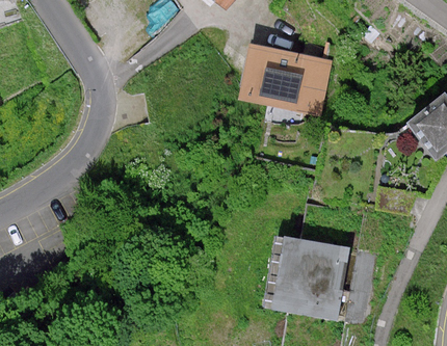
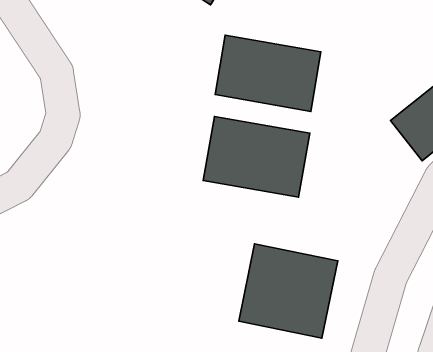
building: none -> [203,116,310,197]

